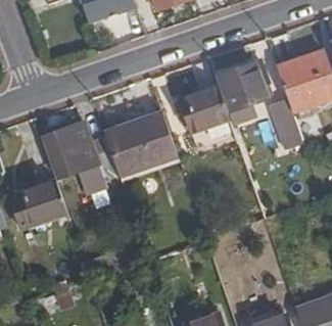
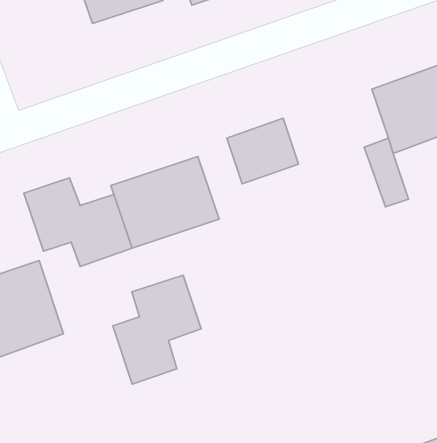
building: [219,63,267,110] -> none
building: none -> [113,275,201,384]

